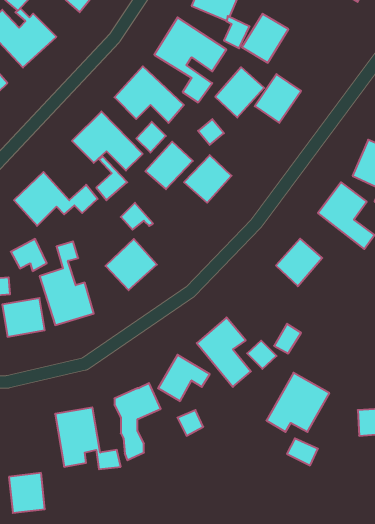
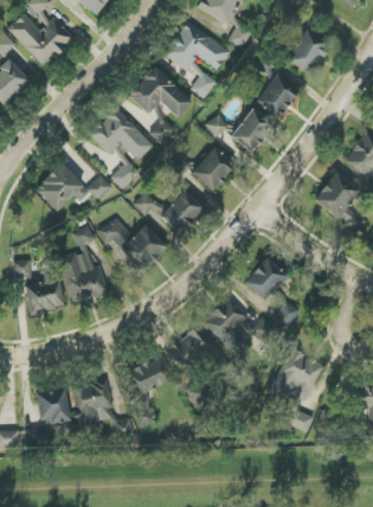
building: [242,14,288,63] -> [288,30,330,75]
building: [215,67,264,118] -> [231,108,276,154]
building: [145,142,193,189] -> [160,190,204,233]
building: [276,239,322,286] -> [244,257,287,301]
building: [11,239,47,271] -> [97,217,130,246]
building: [9,473,45,513] -> [37,389,70,425]

